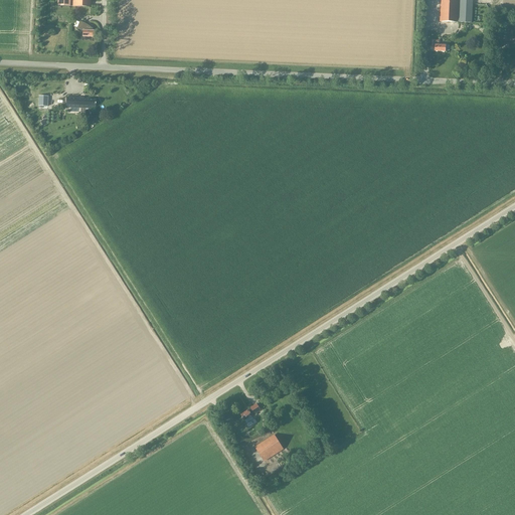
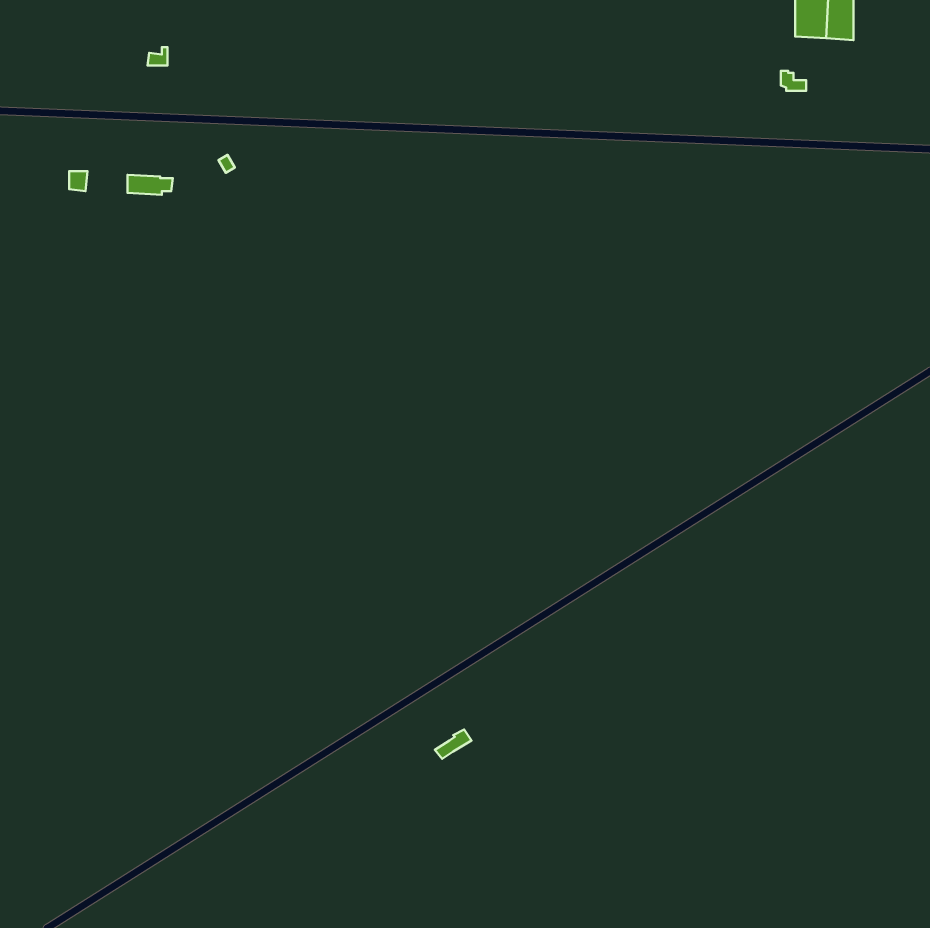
building: [255,435,283,461] -> none

